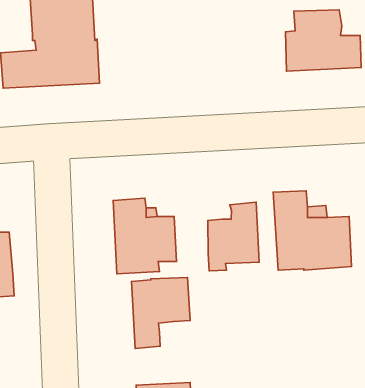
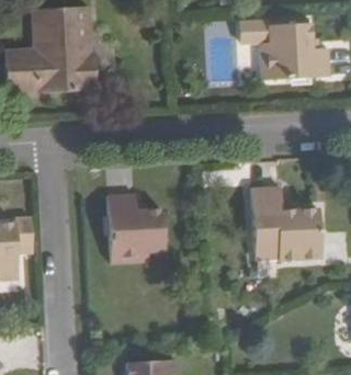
building: [208,202,259,271] -> none
building: [131,278,190,348] -> none

